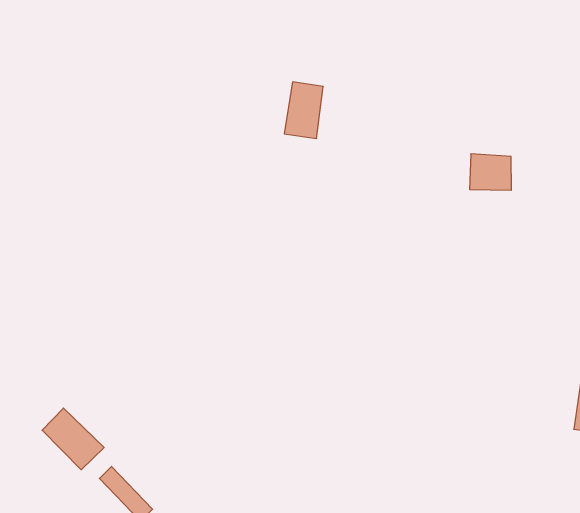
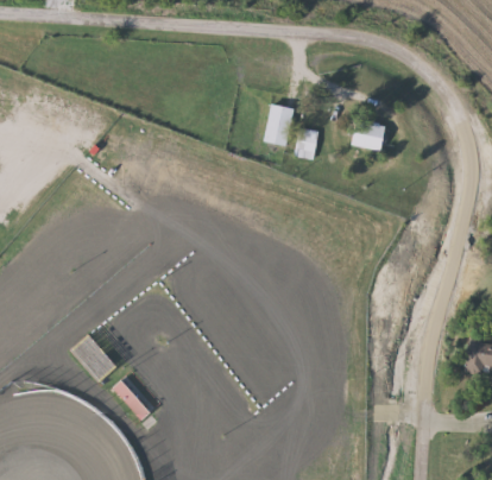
building: none -> [296,130,317,160]
building: [470,154,511,190] -> [354,121,386,150]

